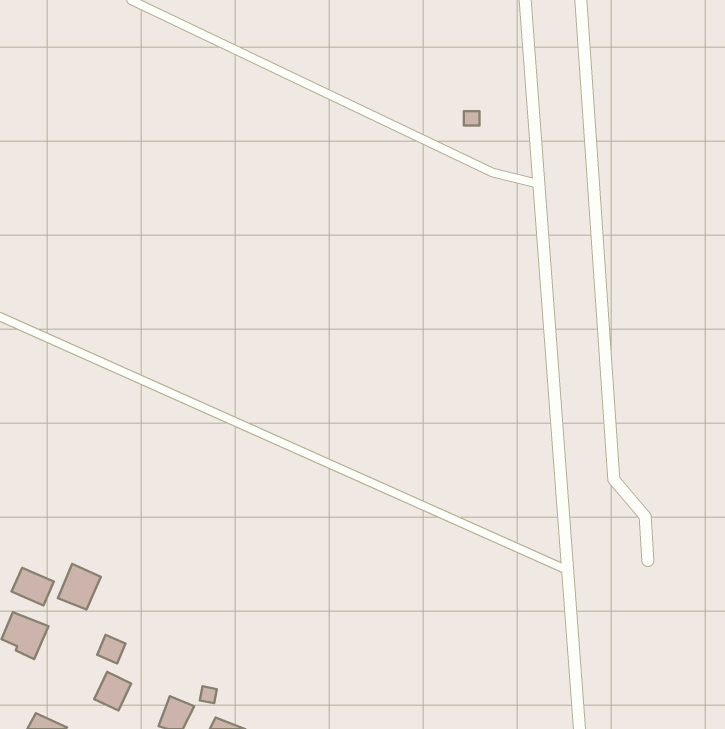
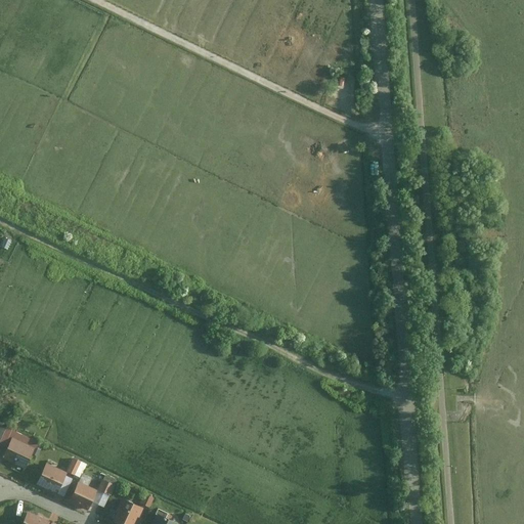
building: [58,564,101,610] -> [37,463,68,495]
building: [12,568,54,606] -> none

